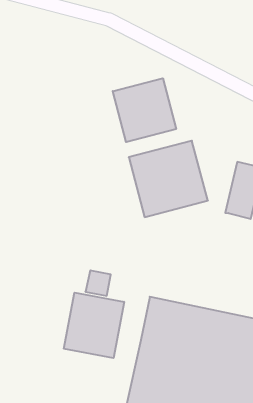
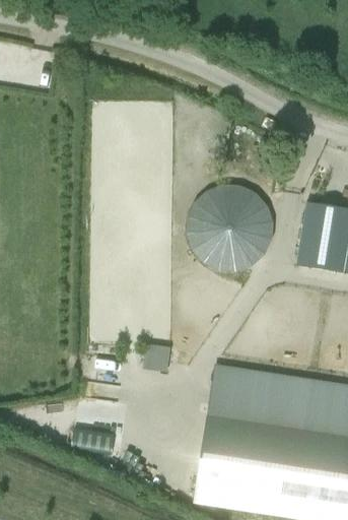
building: [113,78,176,142] -> none
building: [64,293,124,358] -> none

